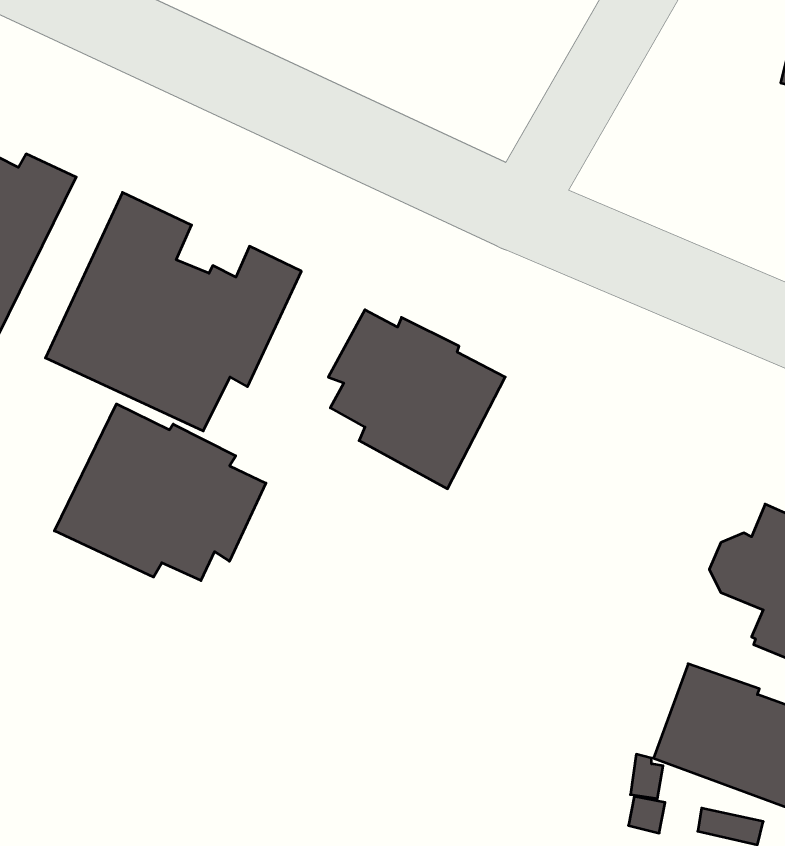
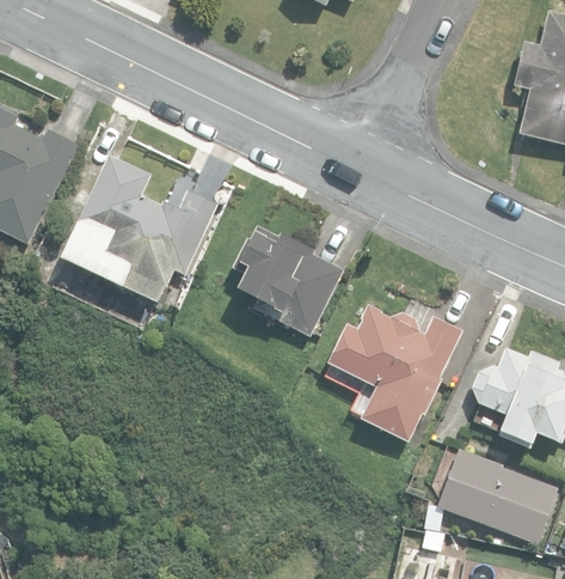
building: [54,404,266,581] -> none
building: none -> [330,306,462,441]

